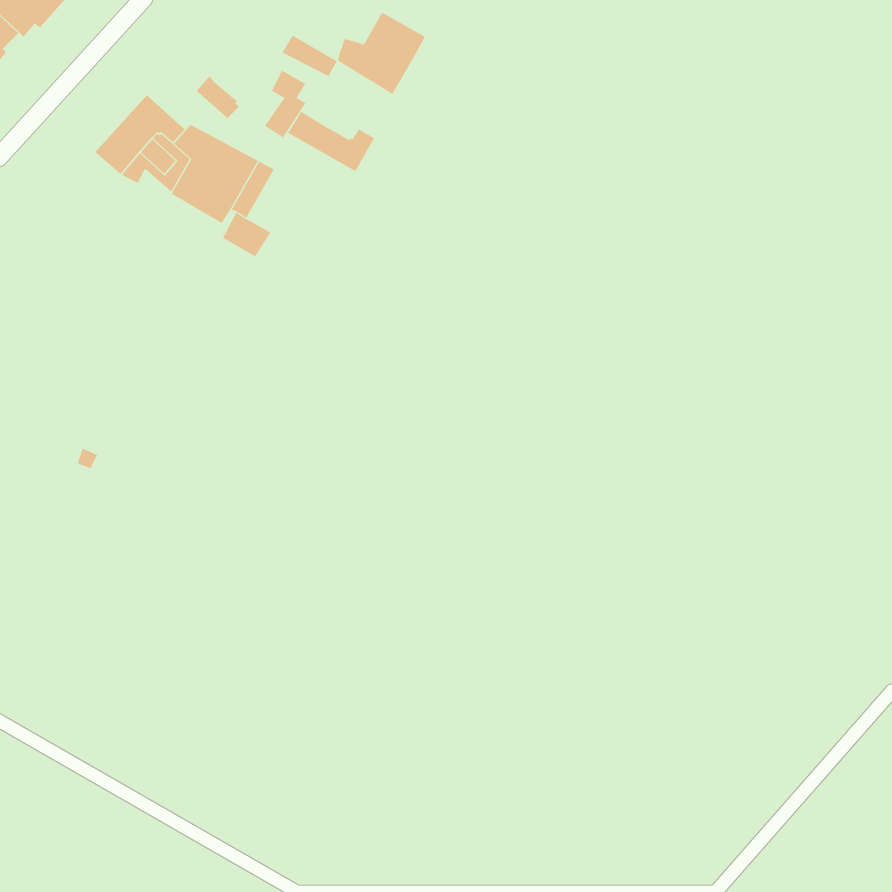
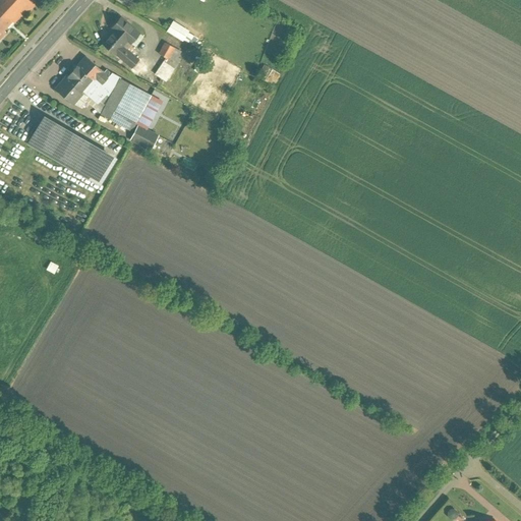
building: [337,12,426,95] -> none
building: none -> [101,16,135,53]
building: [287,111,375,172] -> none
building: none -> [27,116,114,183]

